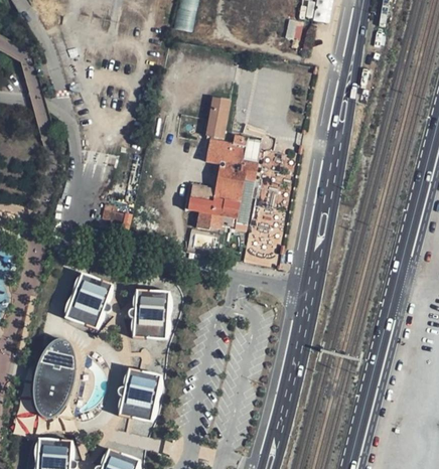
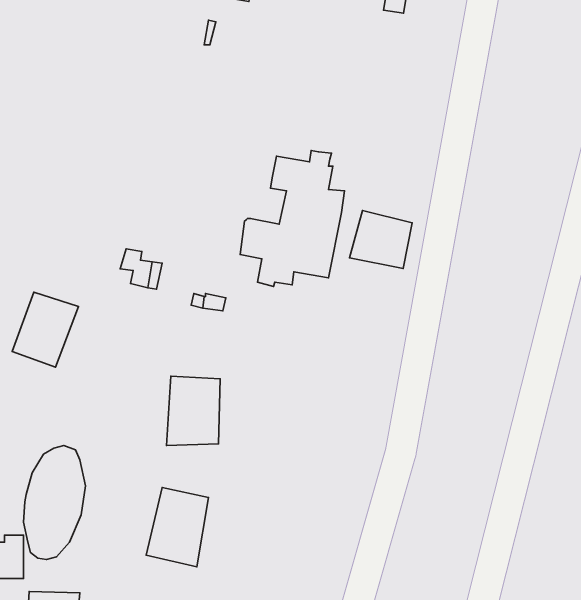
building: [204,96,229,137] -> none
building: none -> [350,211,412,268]
building: [66,276,113,328] -> [12,292,79,367]

